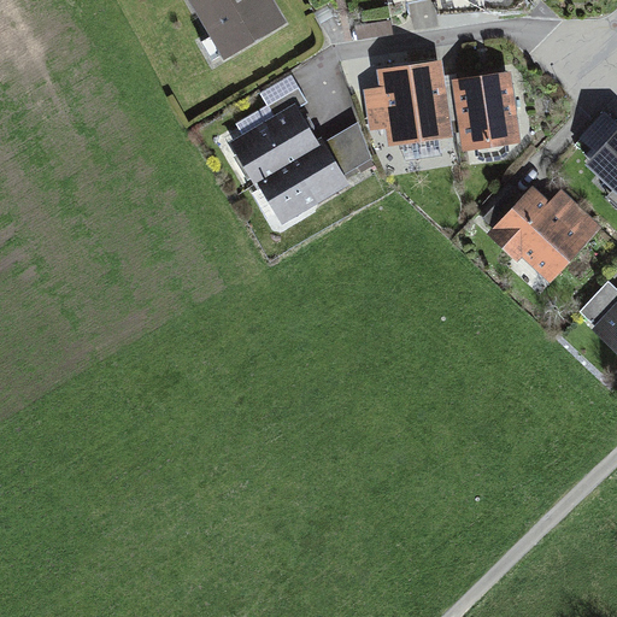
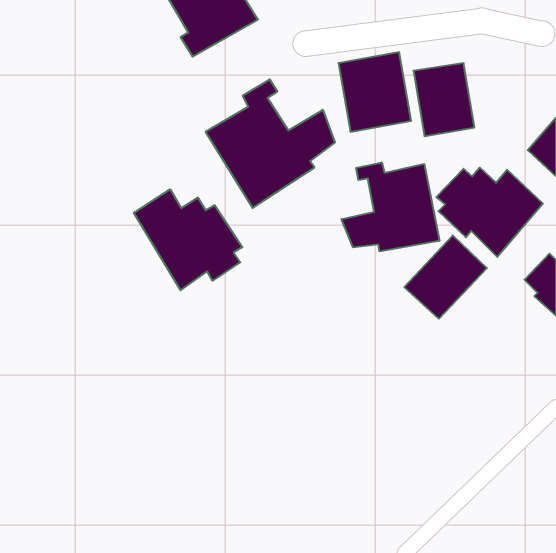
building: none -> [342,162,439,251]
building: none -> [134,189,242,290]
building: none -> [404,235,487,319]

